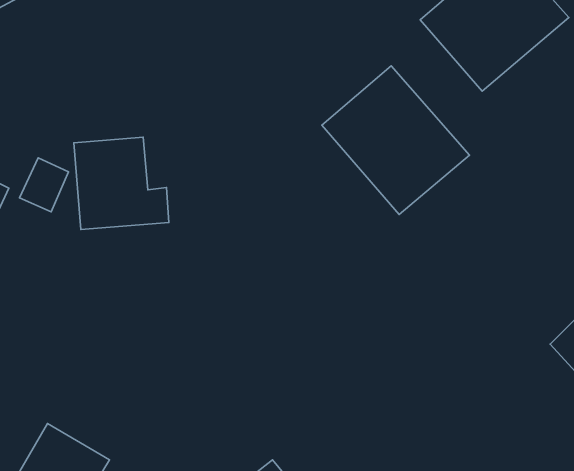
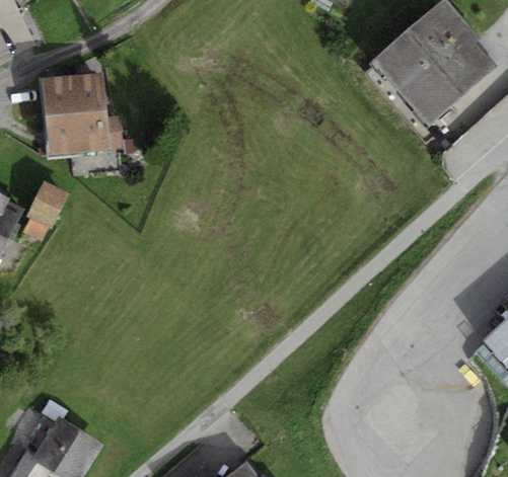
building: [322,66,470,214] -> none
building: [74,137,169,229] -> [41,74,123,154]

